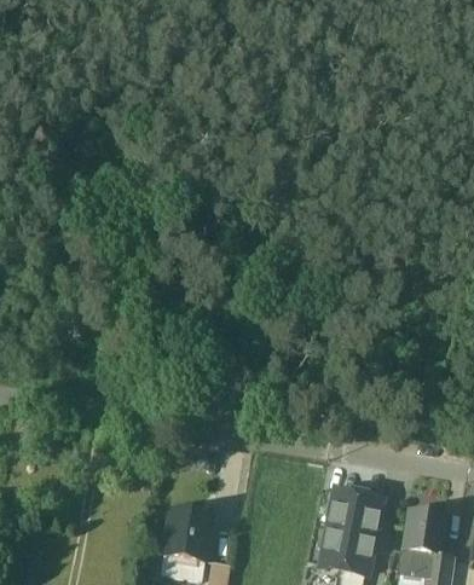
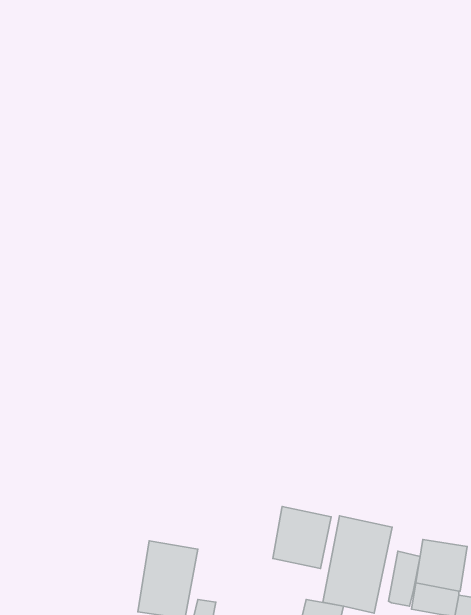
building: none -> [273,506,331,568]
building: none -> [388,551,420,606]

